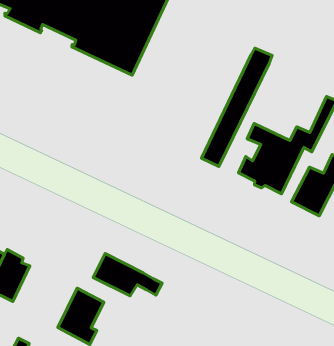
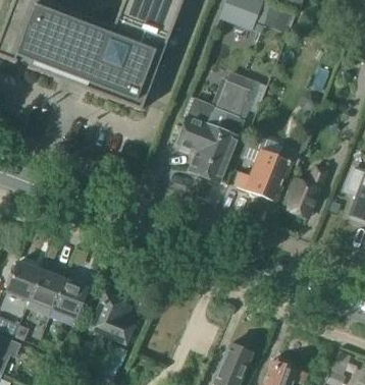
building: none -> [177,73,244,176]
building: [93,254,162,296] -> none
building: none -> [53,278,90,319]

